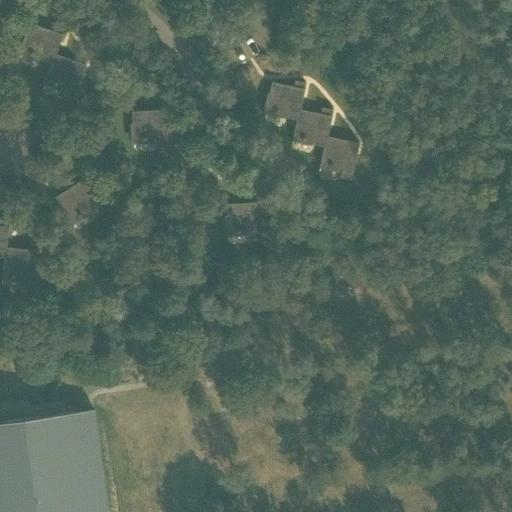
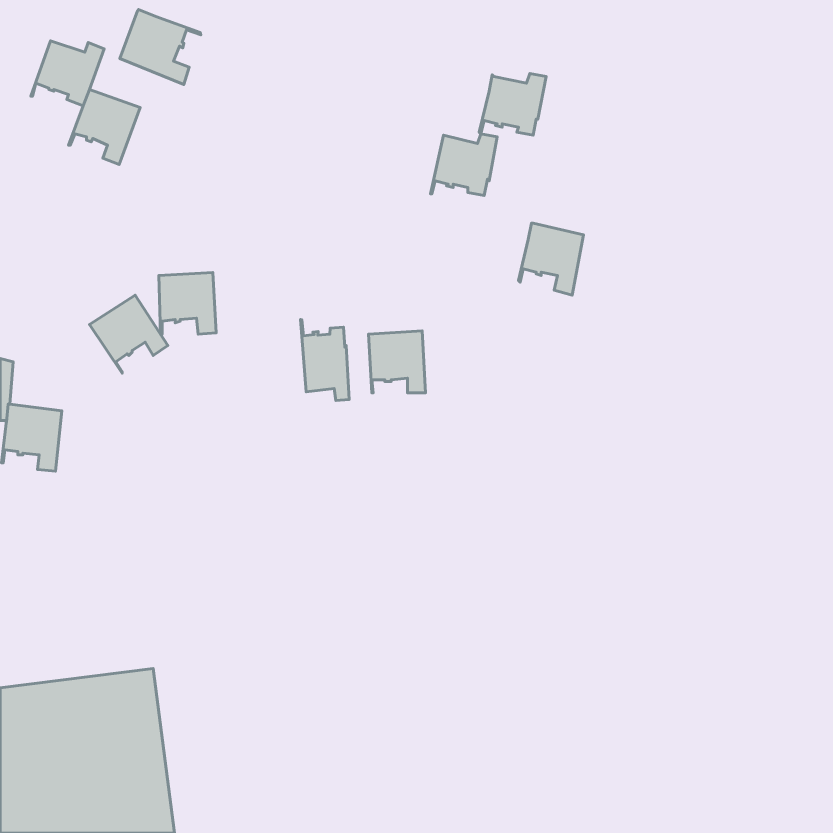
building: none -> [120,10,201,84]
building: [291,109,332,147] -> [479,73,546,135]
building: [132,111,167,149] -> [159,272,216,334]
building: none -> [301,320,349,401]

